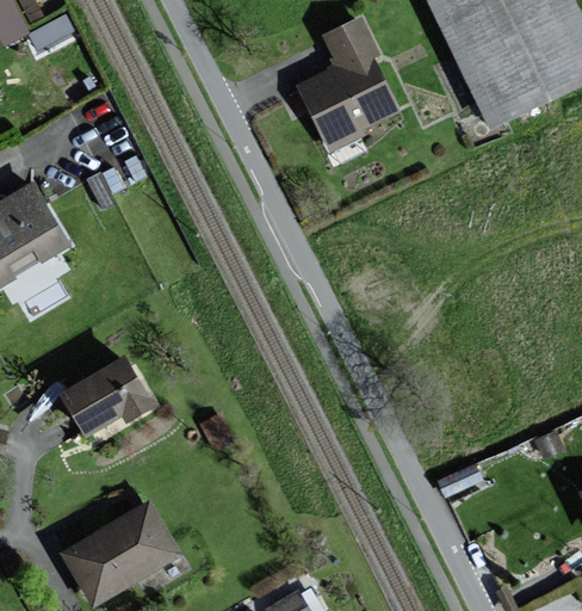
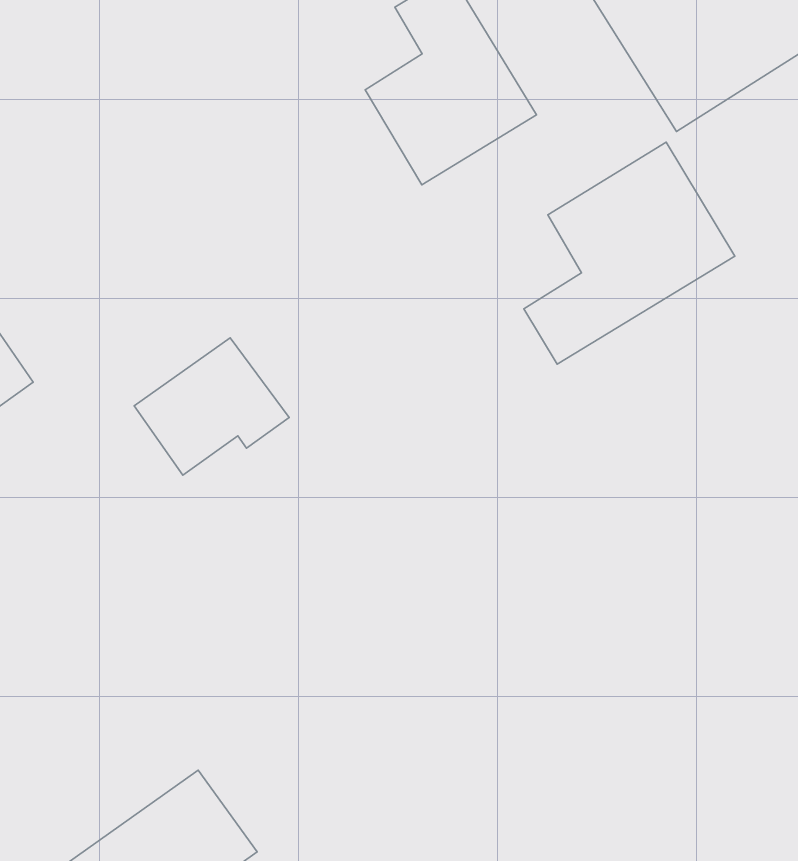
building: none -> [524,142,735,364]
building: [60,353,156,437] -> [134,338,289,475]

